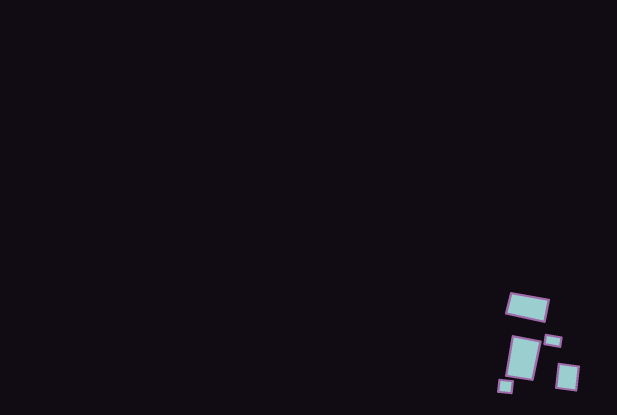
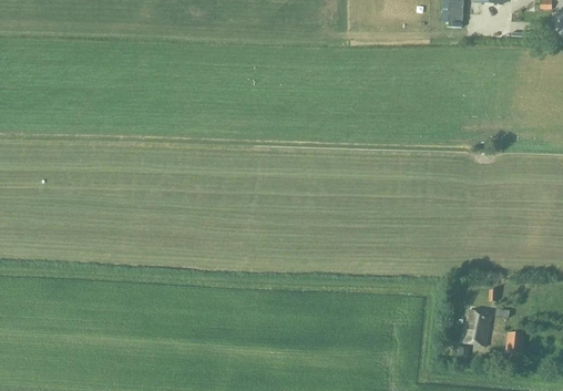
building: [506,293,549,322] -> none

